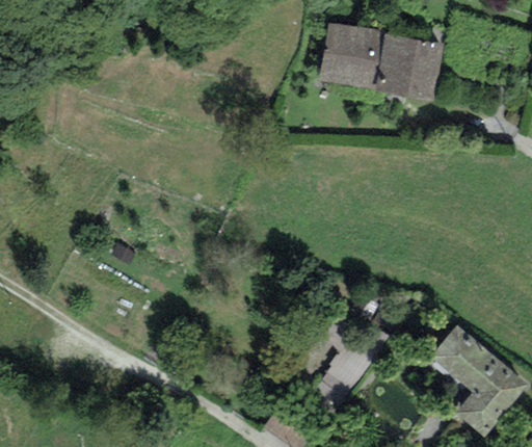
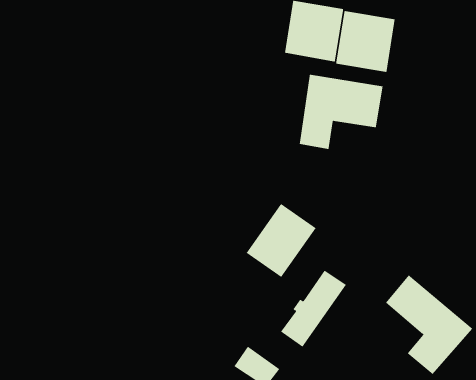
building: none -> [299,74,383,150]
building: none -> [246,203,316,278]

